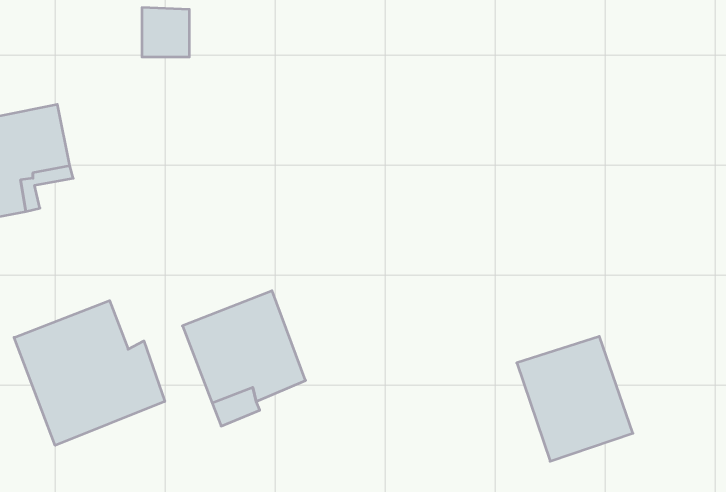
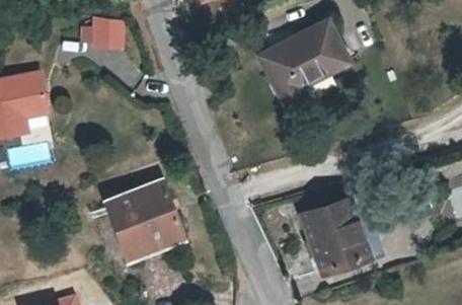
building: none -> [251,27,341,117]
building: [14,301,165,445] -> none

